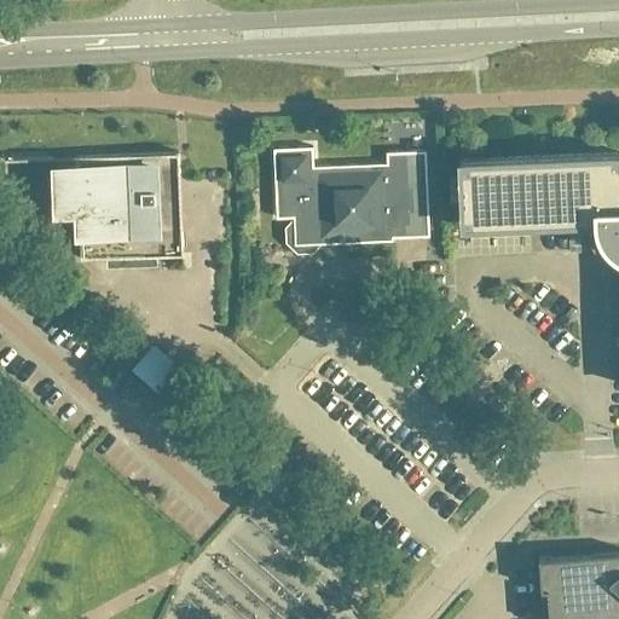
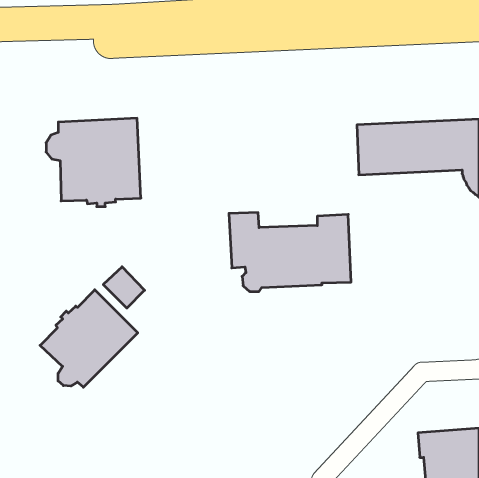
building: [272,150,429,251] -> [229,213,351,291]
building: none -> [40,290,138,387]

